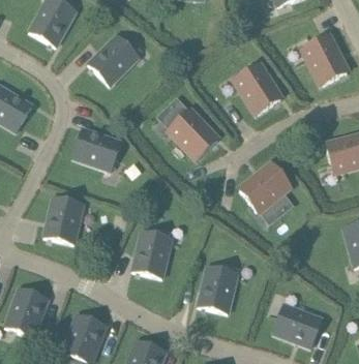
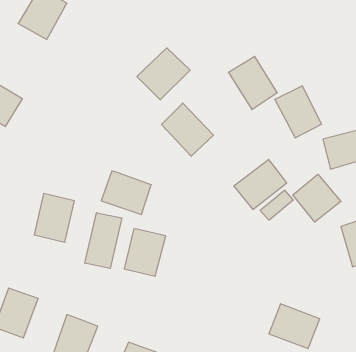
building: [88,33,140,84] -> [137,48,190,100]
building: [302,33,348,84] -> [275,86,322,138]
building: [72,126,121,169] -> [101,171,151,215]
building: none -> [293,174,341,222]
building: none -> [85,213,122,268]
building: [199,264,238,311] -> none

